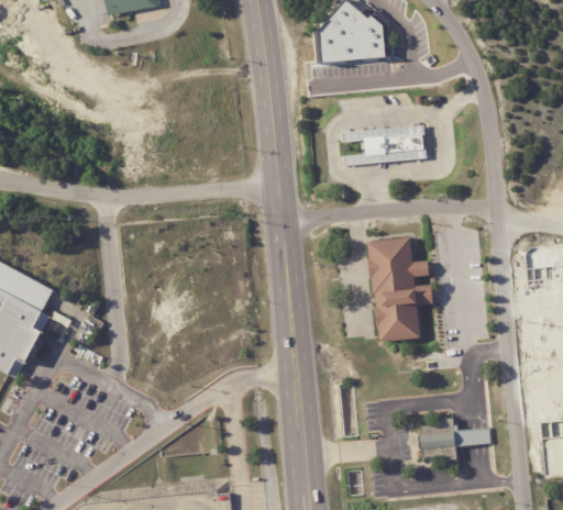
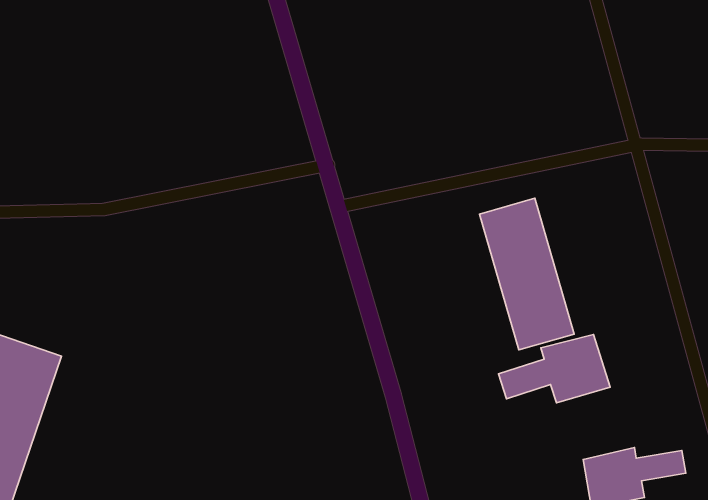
building: [339,131,422,167] -> none
building: none -> [499,334,610,403]

